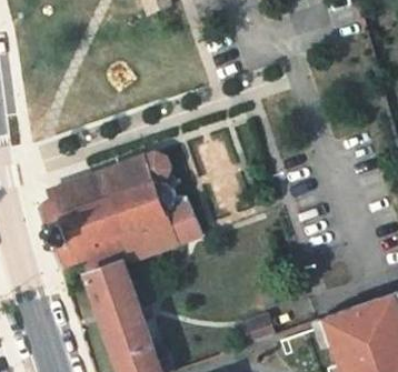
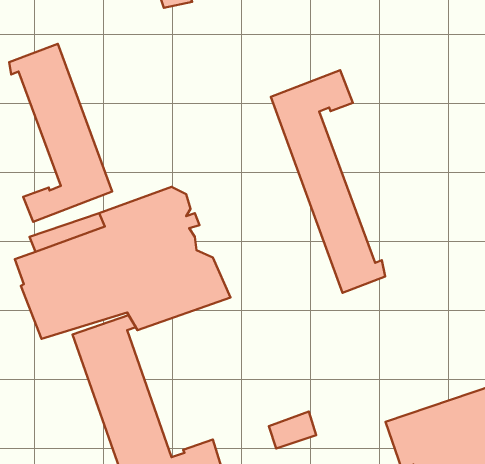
building: none -> [9,44,112,222]
building: none -> [271,70,385,293]

